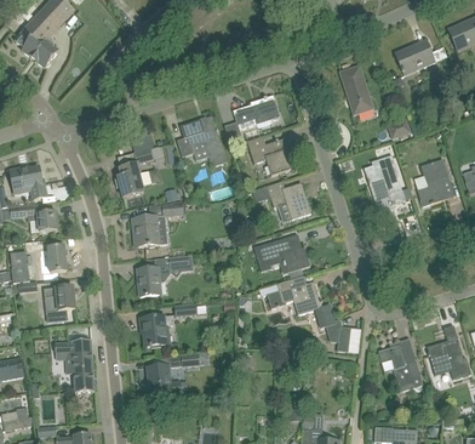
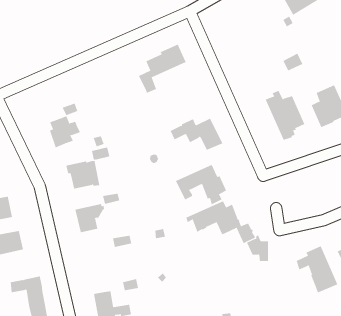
building: [339,64,372,113] -> none
building: [176,115,225,164] -> none
building: [246,135,291,173] -> none
building: [141,314,172,346] -> none

